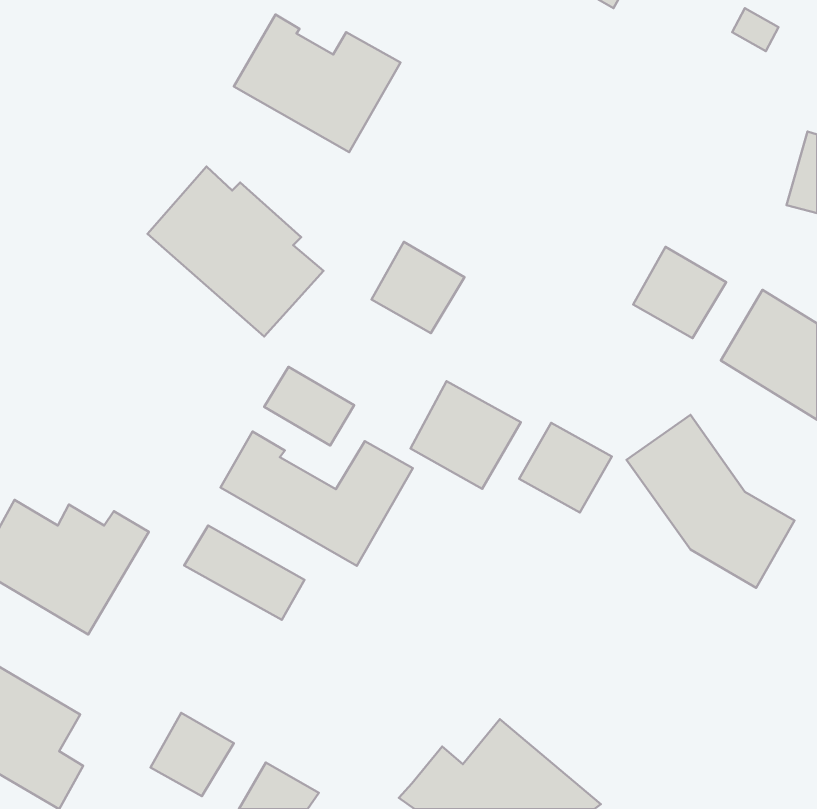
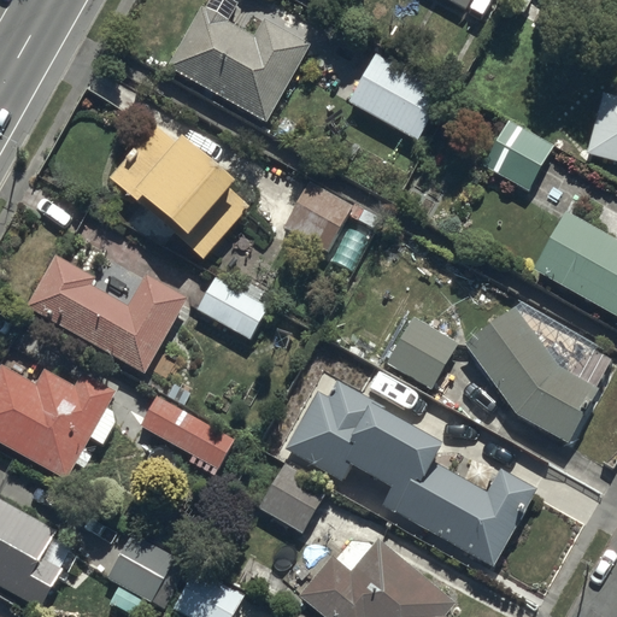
building: none -> [352,57,441,135]
building: [633,247,726,338] -> [482,117,552,186]
building: [411,381,521,489] -> none
building: [221,431,413,566] -> [39,268,183,369]
building: none -> [290,386,535,564]
building: none -> [260,465,324,530]

